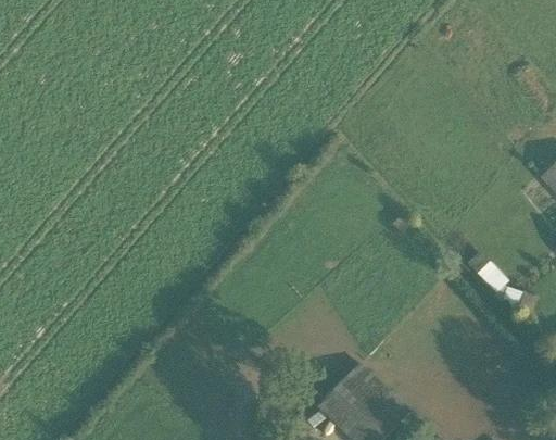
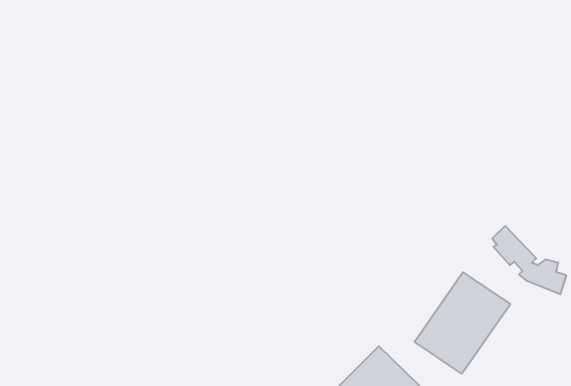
building: none -> [415,272,510,374]

